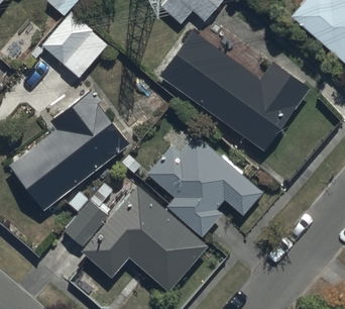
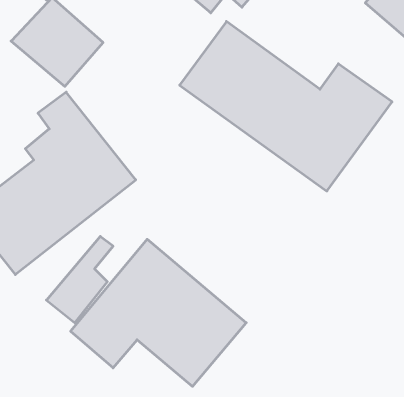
building: [149,135,263,237] -> none

